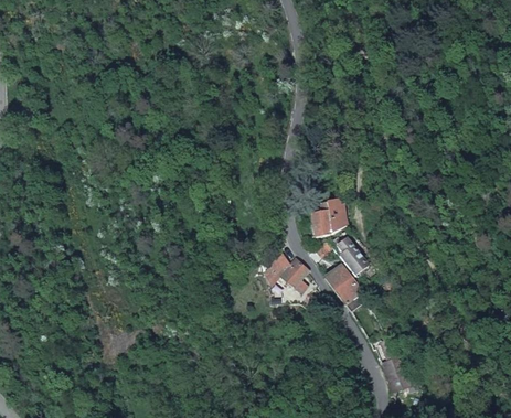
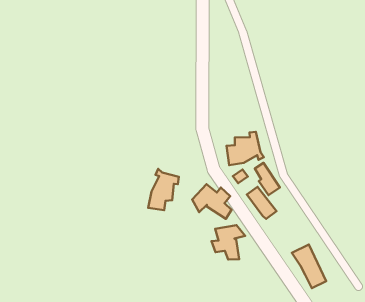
building: none -> [148,169,179,210]
building: none -> [212,225,245,259]

